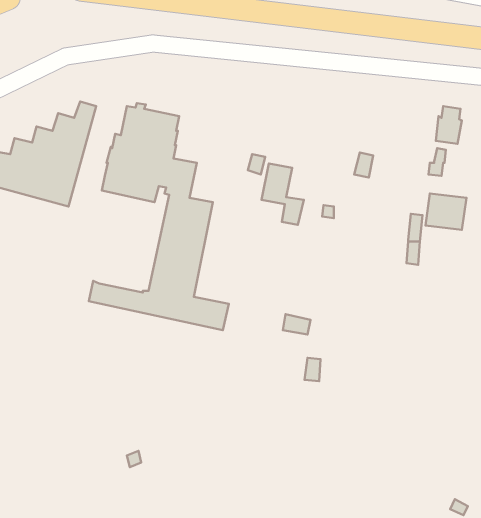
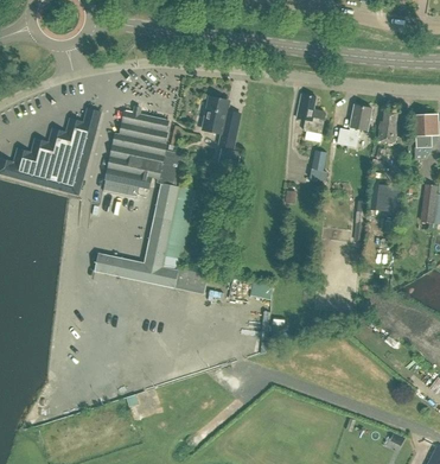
building: none -> [296,94,324,133]
building: none -> [337,104,372,146]
building: [262,164,304,225] -> [203,98,237,148]

